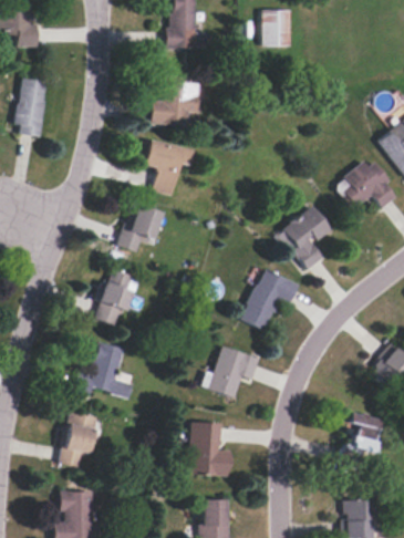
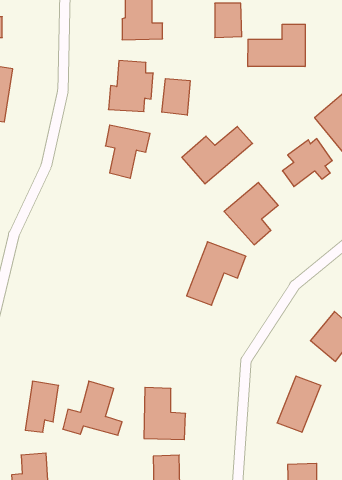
building: none -> [248,24,305,67]
building: none -> [162,79,190,115]
building: none -> [182,126,253,184]
building: [117,205,160,254] -> none
building: [93,269,134,330] -> none
building: [72,341,135,399] -> [63,381,122,435]
building: [205,342,258,399] -> none

